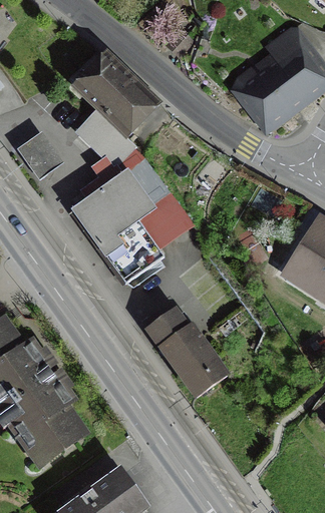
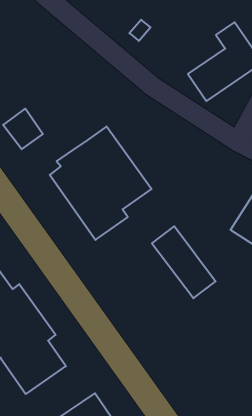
building: [67,48,151,158] -> none
building: [146,311,222,396] -> [152,226,216,298]

